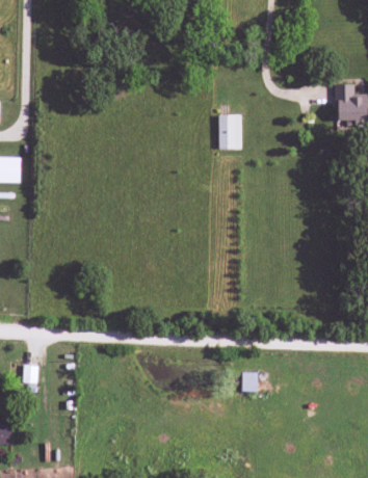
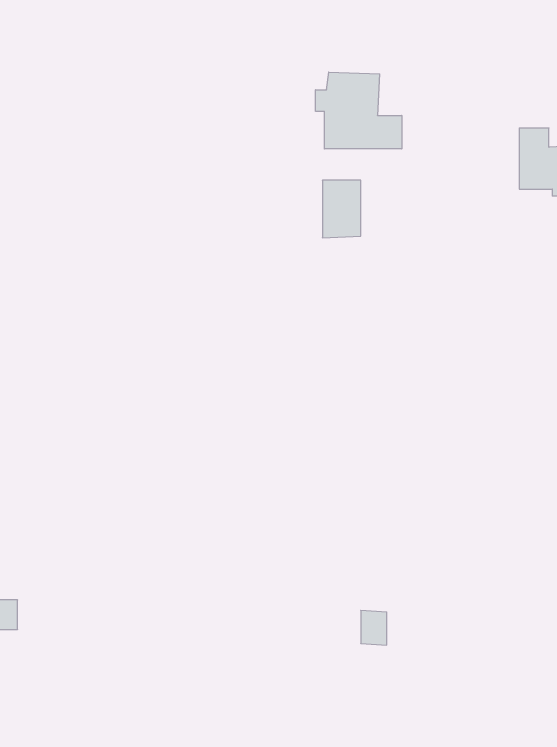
building: none -> [316,72,402,149]

